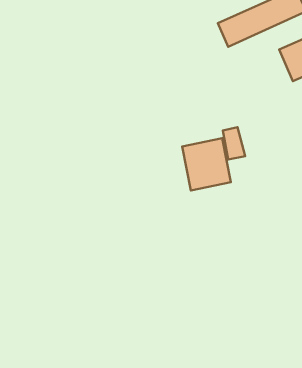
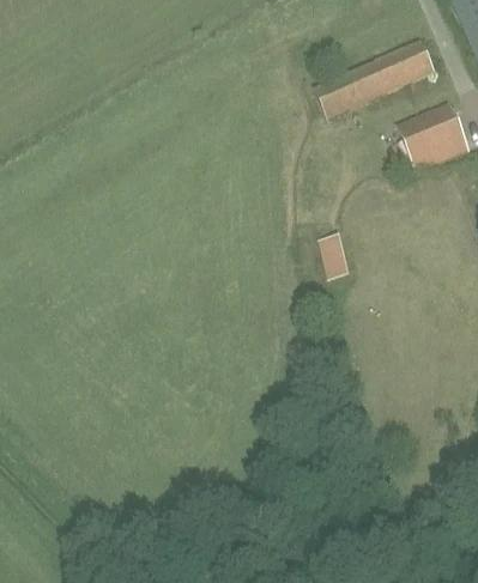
building: [182,138,231,191] -> none

